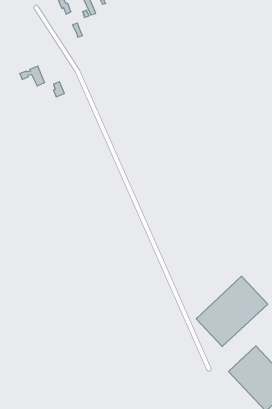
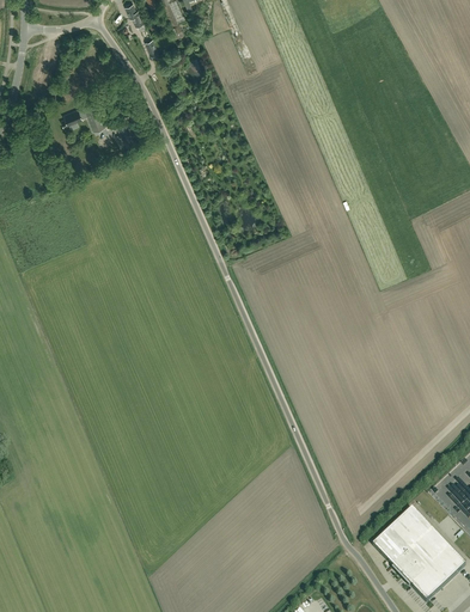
building: [196,276,268,347] -> none

